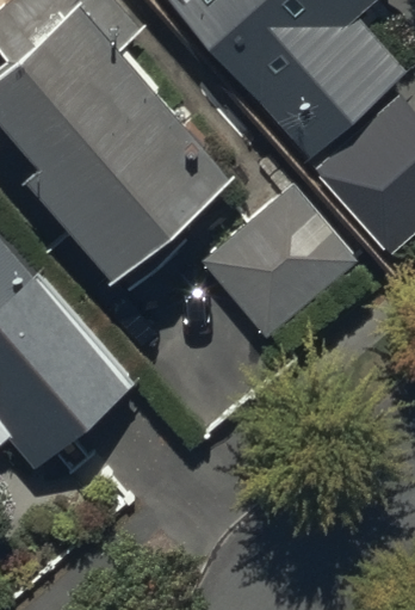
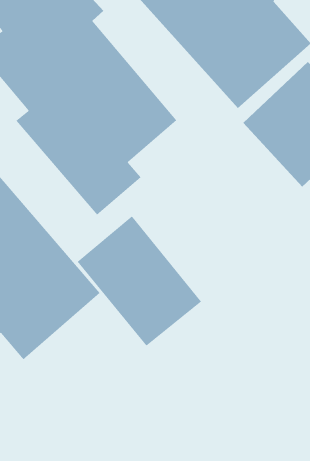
building: [202,190,351,337] -> none
building: none -> [77,216,202,347]

